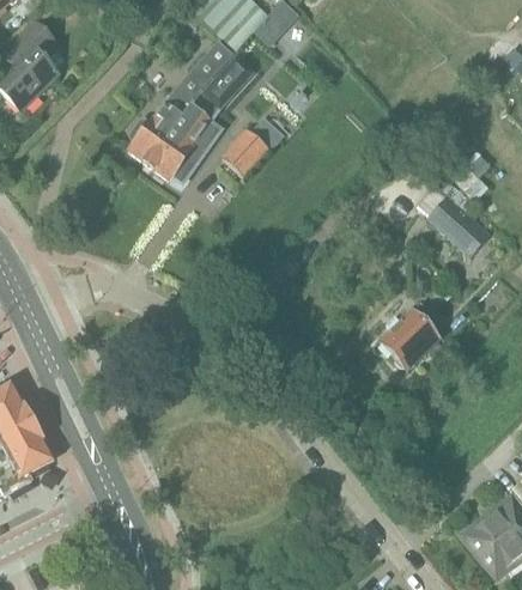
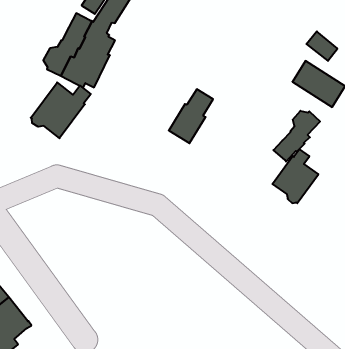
building: [223,112,284,177] -> [169,89,213,143]
building: none -> [31,82,91,138]
building: none -> [273,111,320,162]

